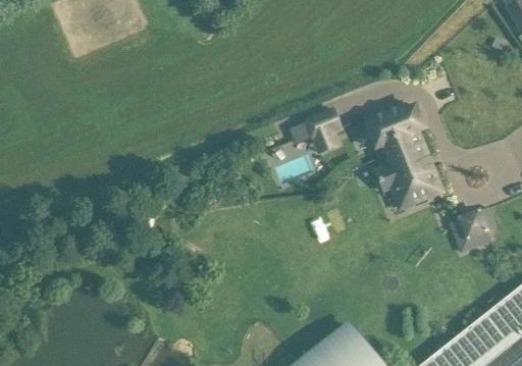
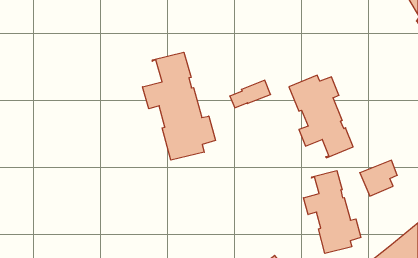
building: none -> [143,52,215,160]
building: none -> [303,171,361,253]

